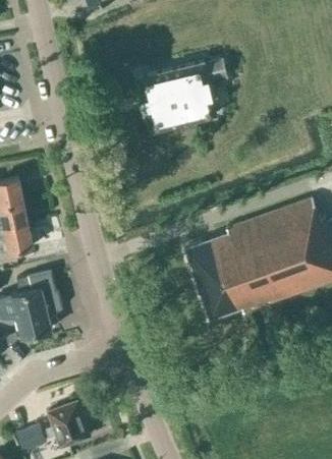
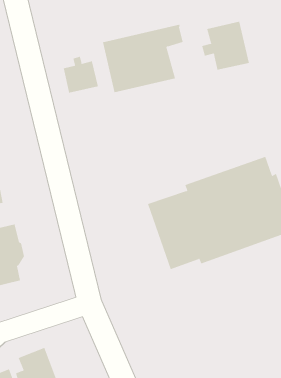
building: none -> [201,21,249,71]
building: none -> [63,56,98,94]

